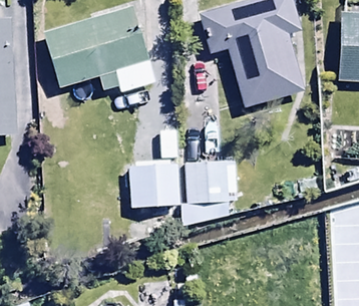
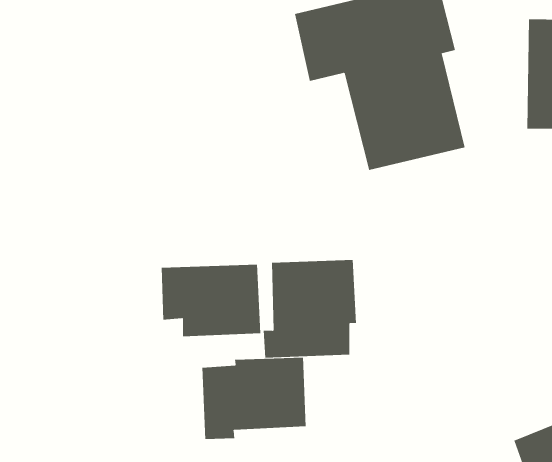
building: [44,7,155,91] -> none
building: none -> [202,357,306,440]

